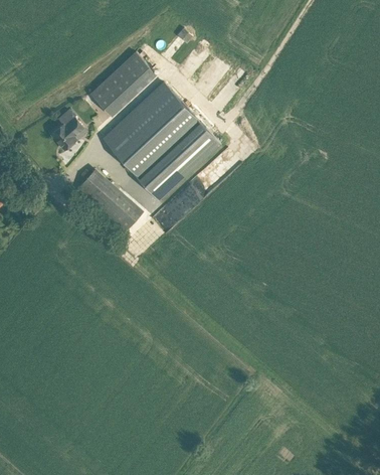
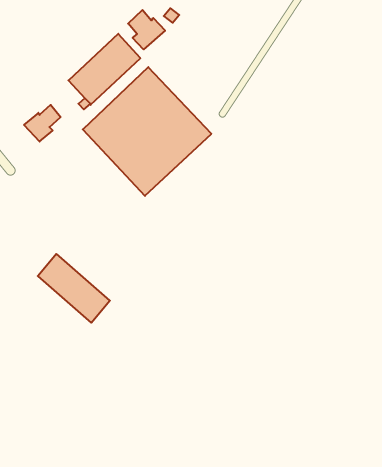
building: none -> [128,10,165,49]
building: [75,171,141,233] -> [38,254,110,323]

